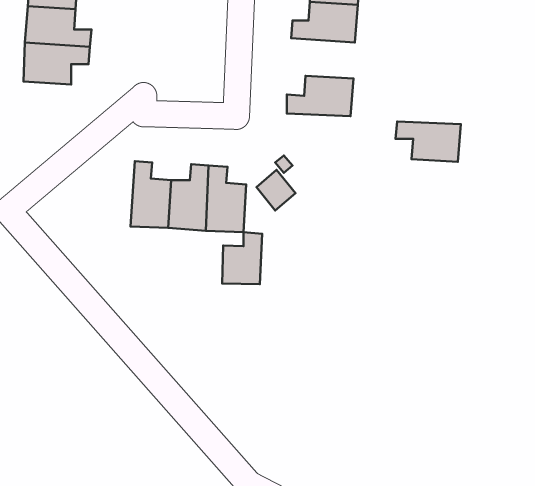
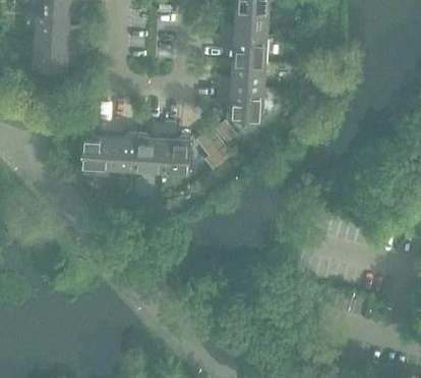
building: none -> [221,42,266,70]
building: [396,121,461,162] -> [218,95,263,123]
building: none -> [82,127,112,174]
building: [222,232,262,284] -> none

